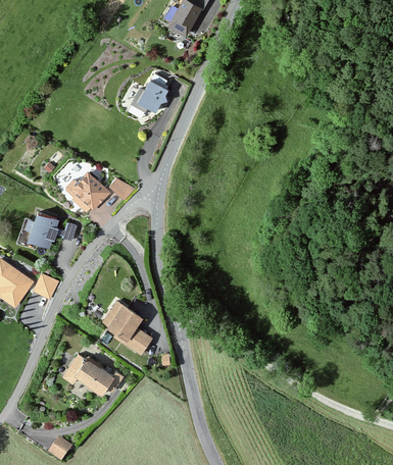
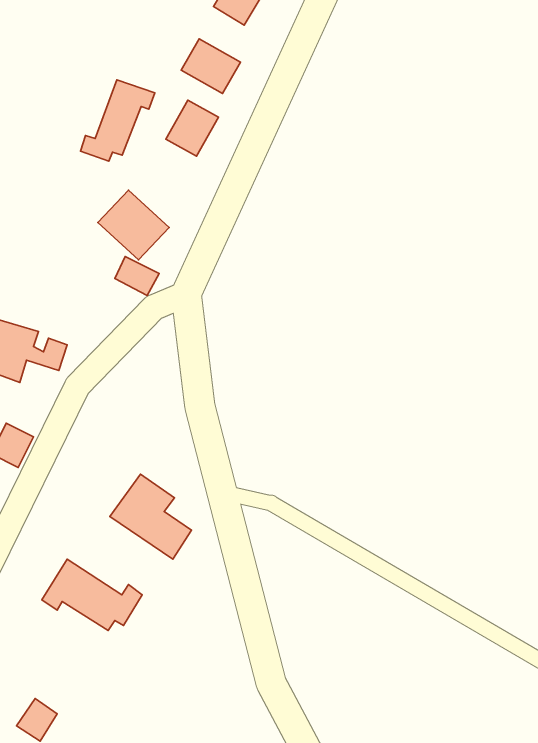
building: none -> [181,39,240,94]
building: none -> [81,80,155,161]
building: [67,169,110,211] -> [98,190,169,260]

